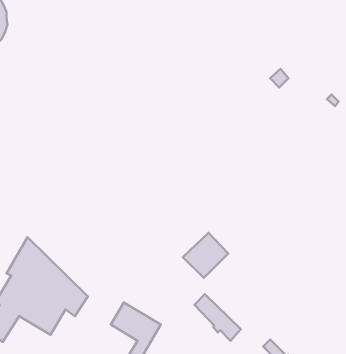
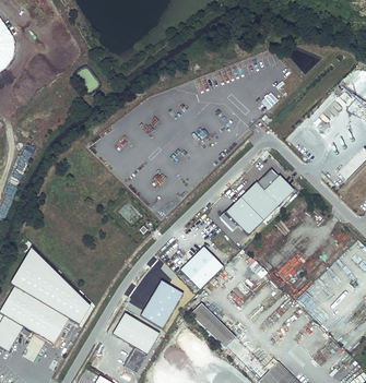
building: none -> [215,166,291,232]
building: none -> [141,282,181,328]

